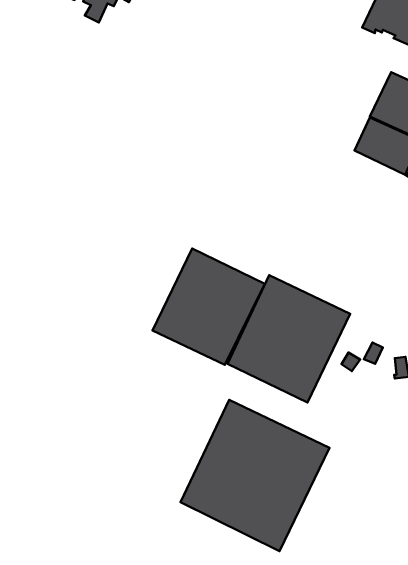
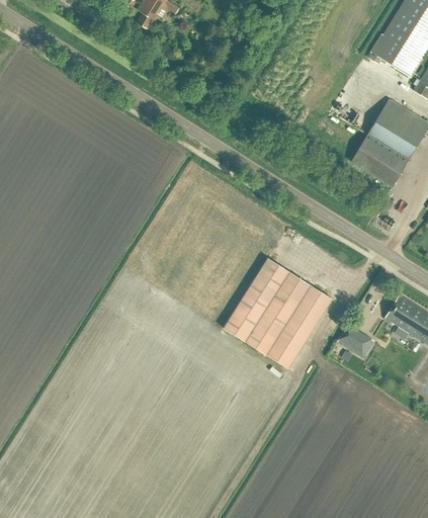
building: [153,249,265,365] -> none
building: [180,400,330,551] -> none

